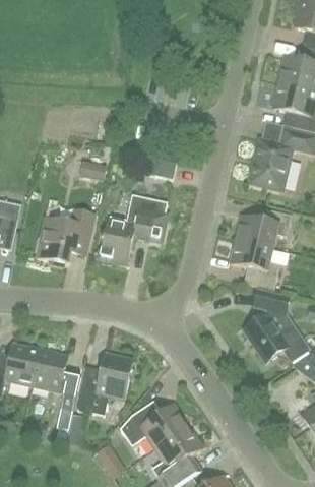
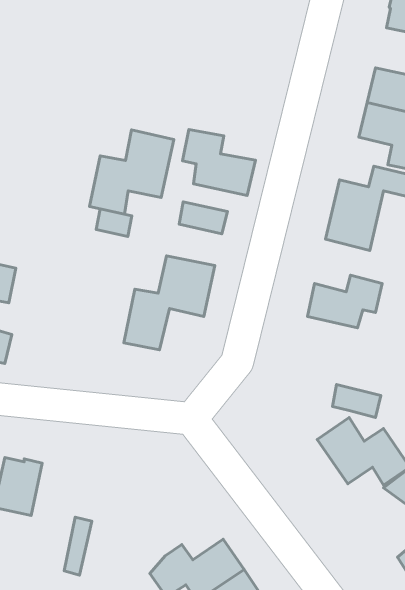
building: none -> [183,130,255,196]
building: none -> [89,130,174,214]
building: [38,208,94,263] -> none
building: [230,239,279,290] -> none
building: [33,347,68,391] -> none
building: [77,353,133,415] -> none

